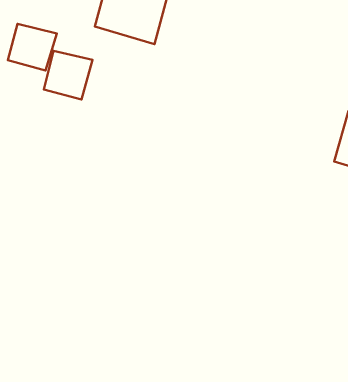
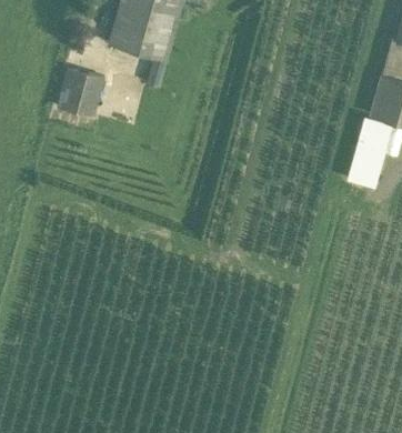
building: [8,24,57,70] -> none

